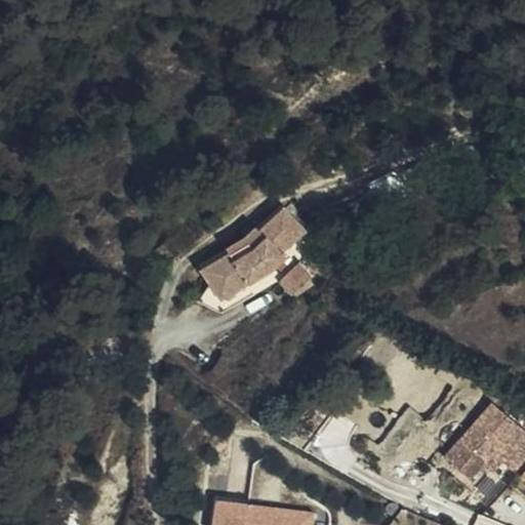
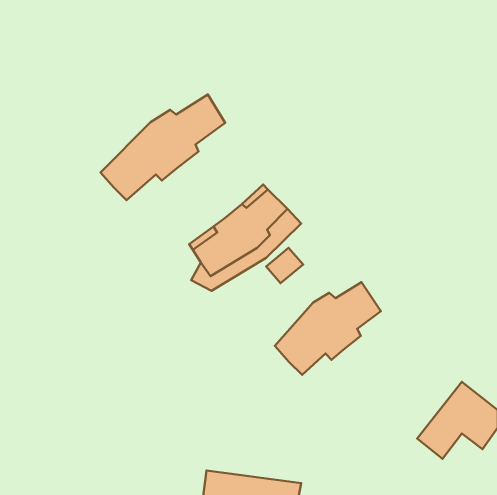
building: none -> [100,94,225,200]
building: none -> [275,282,381,375]

